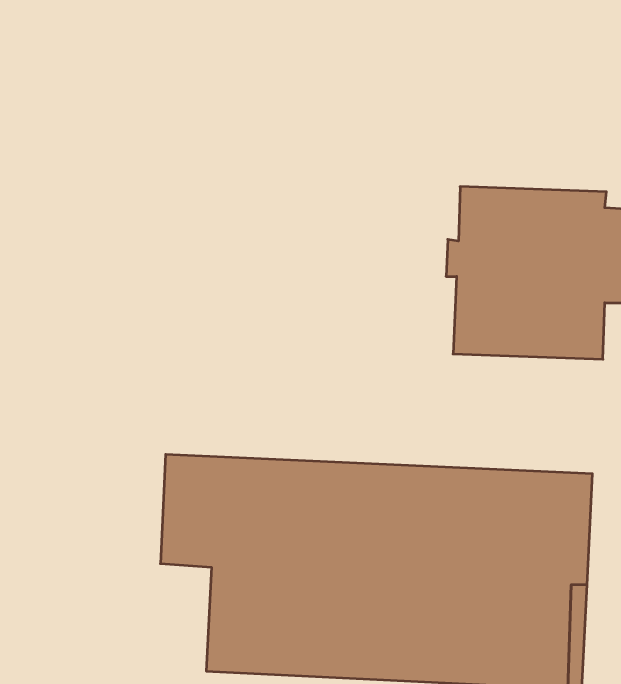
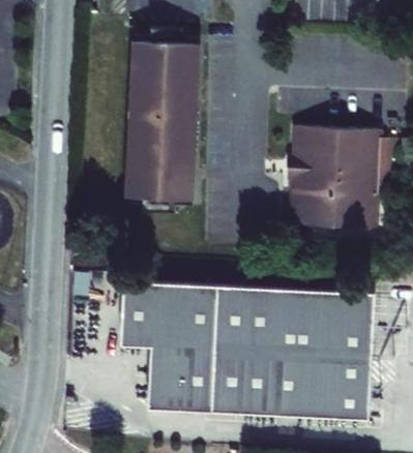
building: none -> [125,35,200,195]

